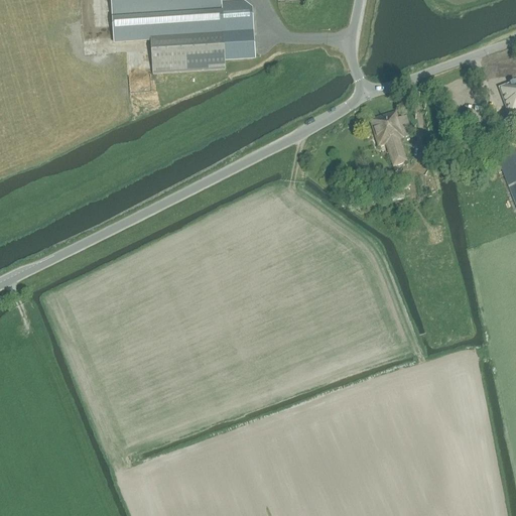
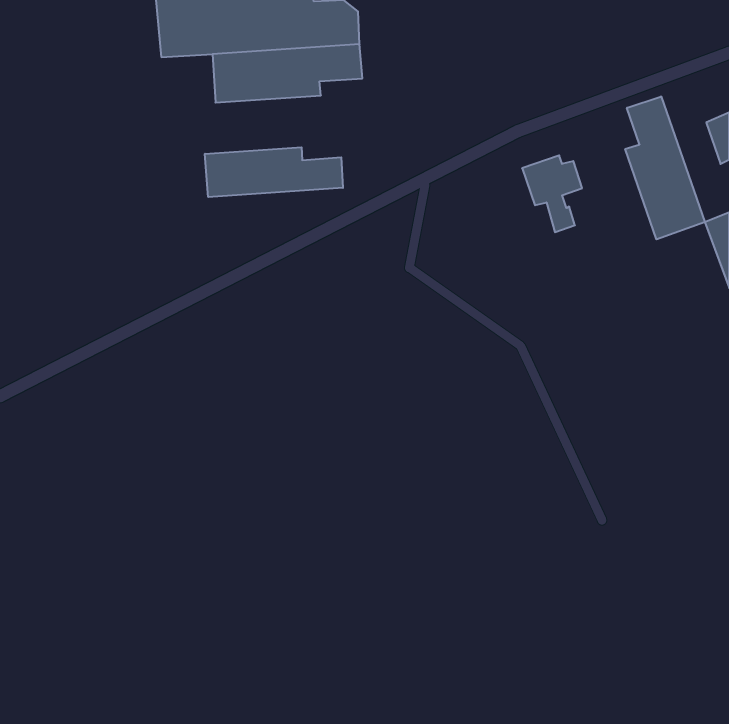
building: none -> [625,96,705,239]
building: none -> [205,147,343,197]

